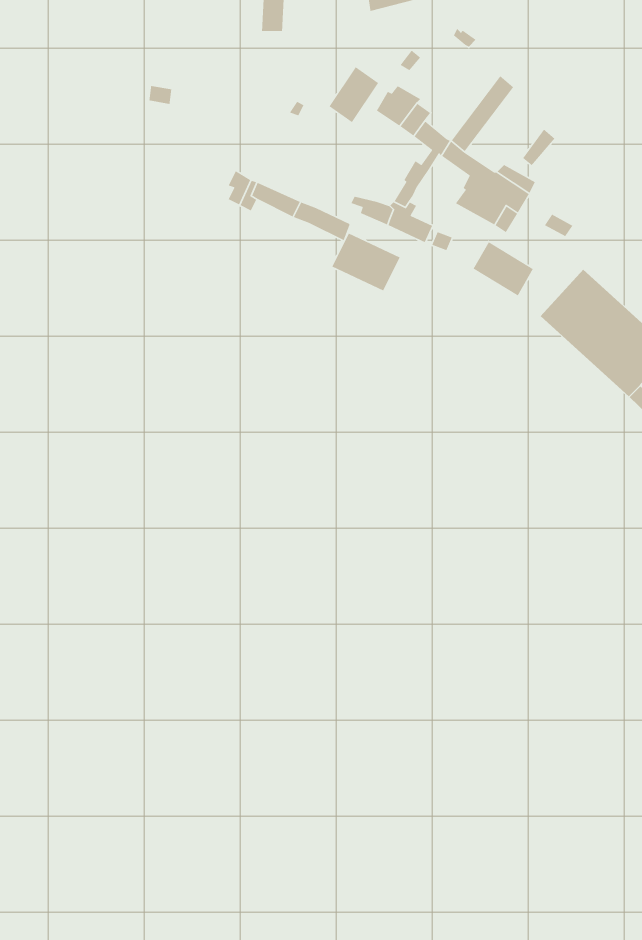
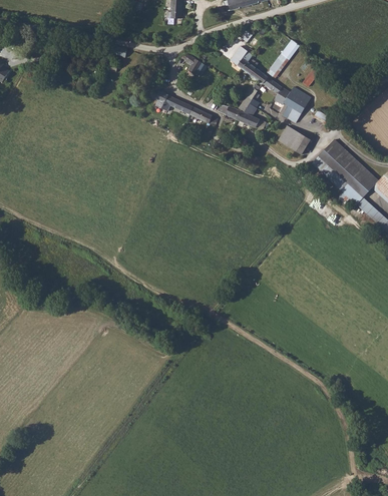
building: [329,66,379,123] -> none
building: [331,232,401,292] -> none

